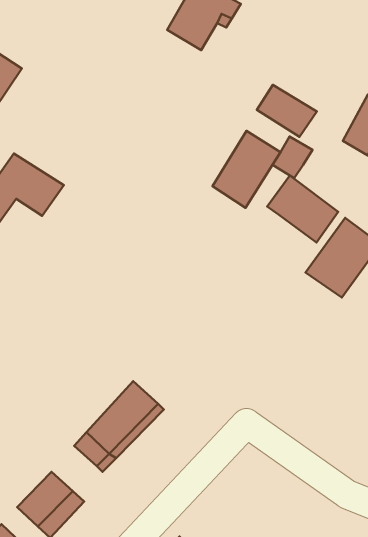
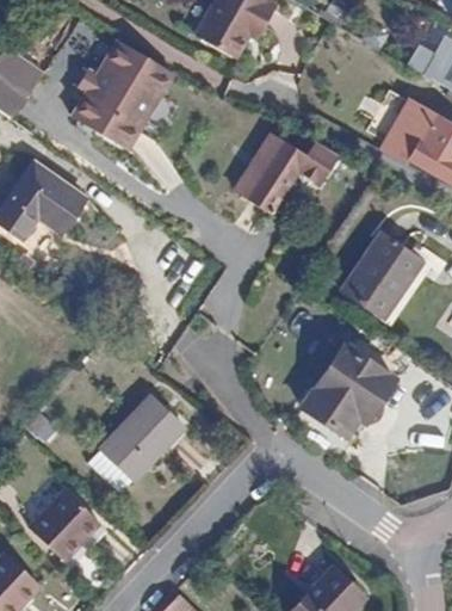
building: none -> [69,37,168,147]
building: [257,85,317,137] -> none
building: [267,176,338,242] -> none
building: none -> [298,342,392,440]

